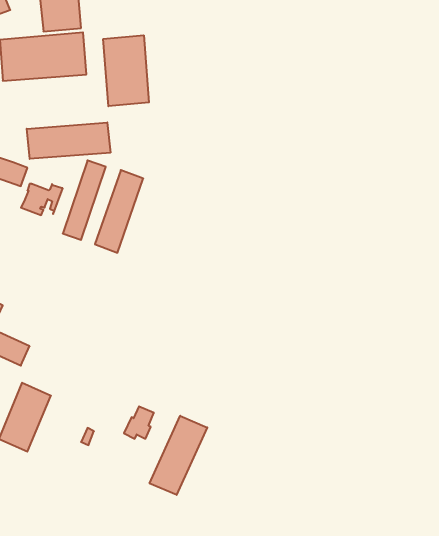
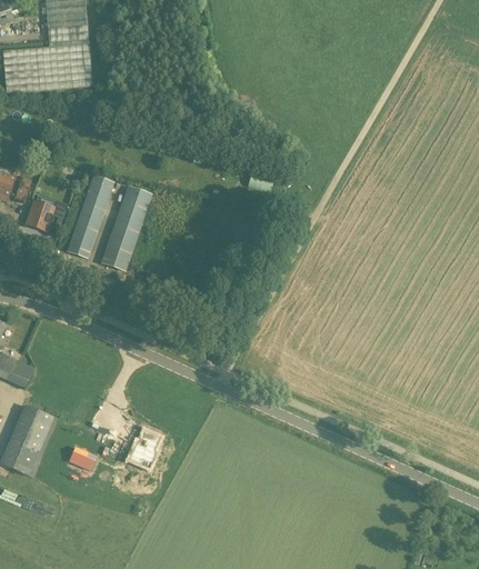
building: [103,35,149,106] -> none
building: [27,122,110,159] -> none
building: [150,416,207,495] -> none

